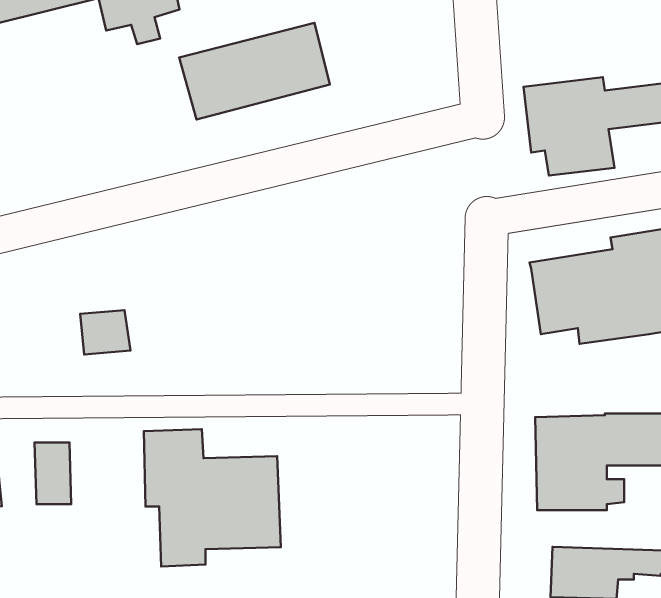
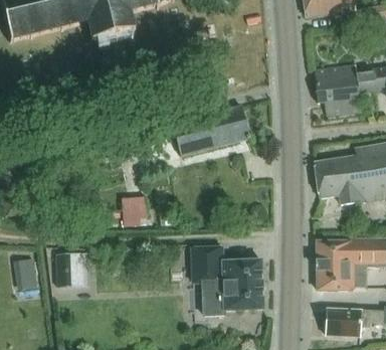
building: [179,23,330,119] -> [172,106,250,156]
building: [80,310,130,354] -> [122,195,148,218]
building: [144,429,281,566] -> [194,242,265,314]

